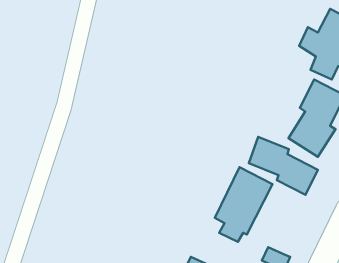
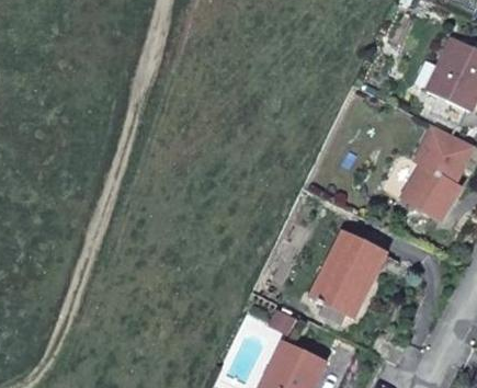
building: [249,137,318,195] -> none

